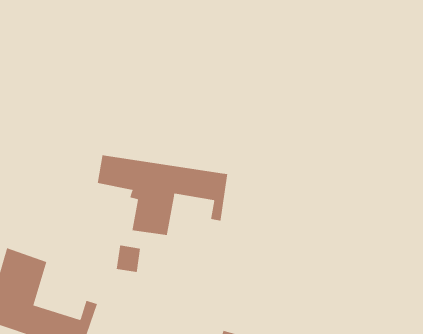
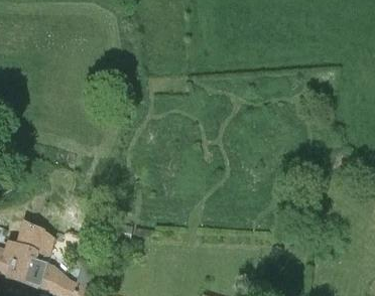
building: [97,155,228,236] -> none

